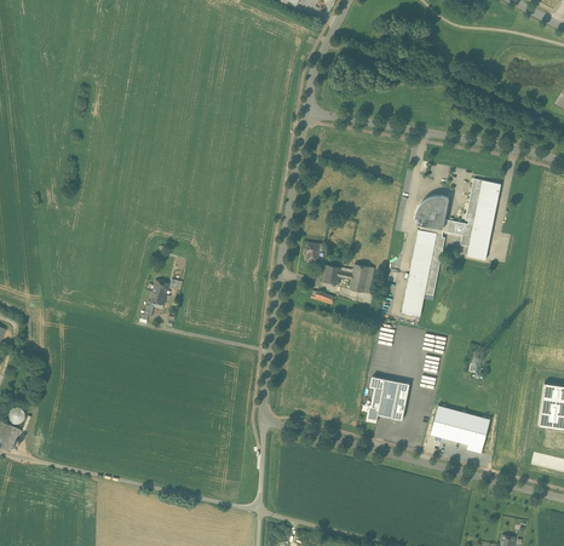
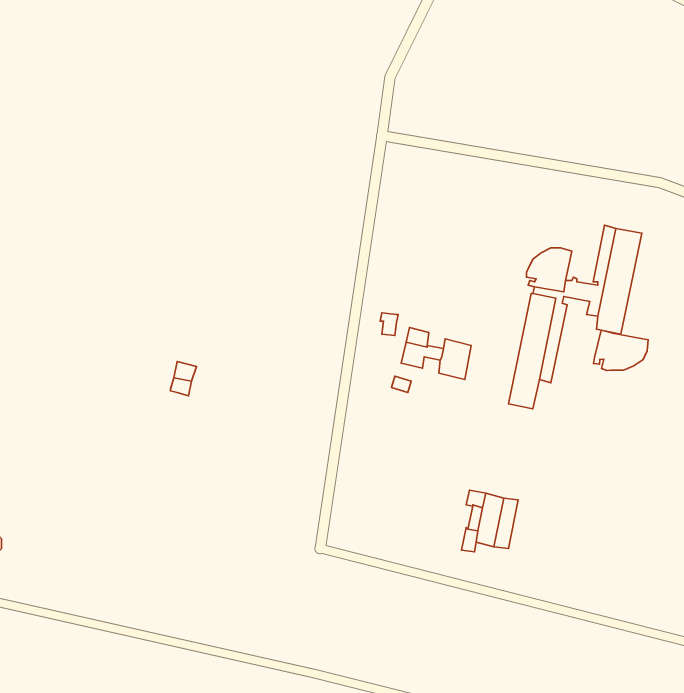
building: none -> [594,330,648,370]
building: [430,404,490,453] -> none

